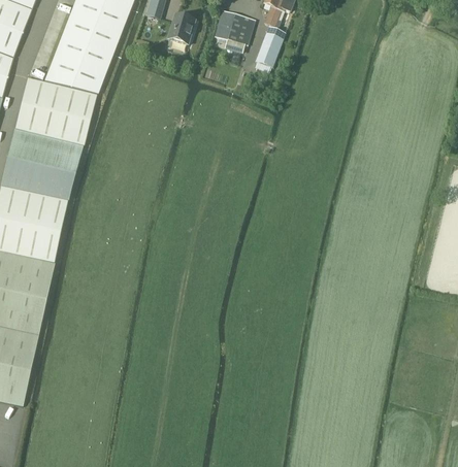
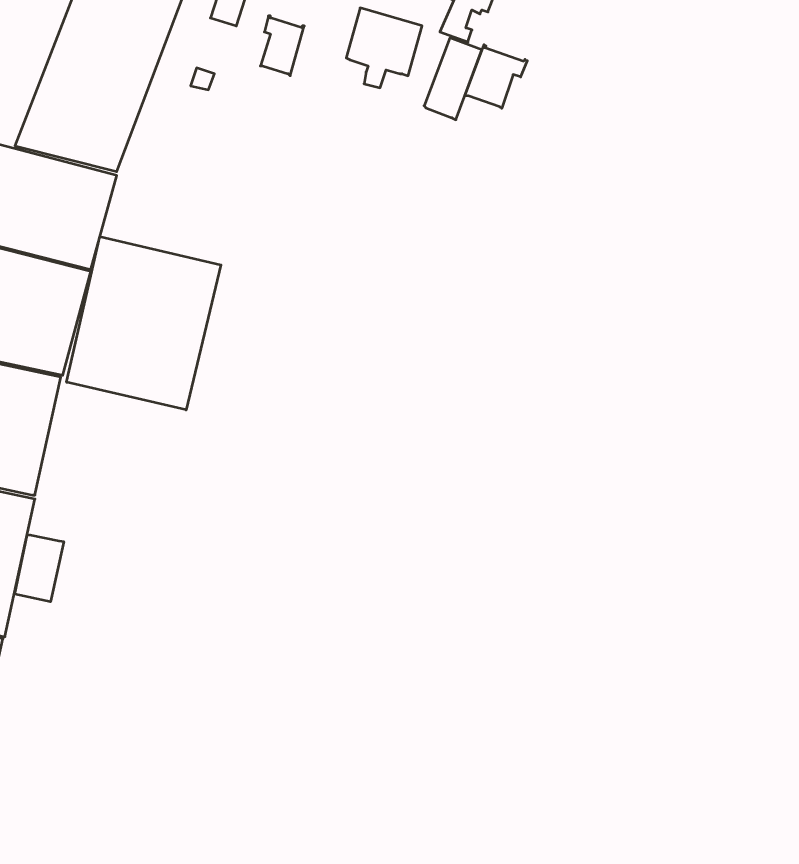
building: none -> [465,45,527,108]
building: none -> [67,236,221,410]
building: none -> [15,535,64,602]

